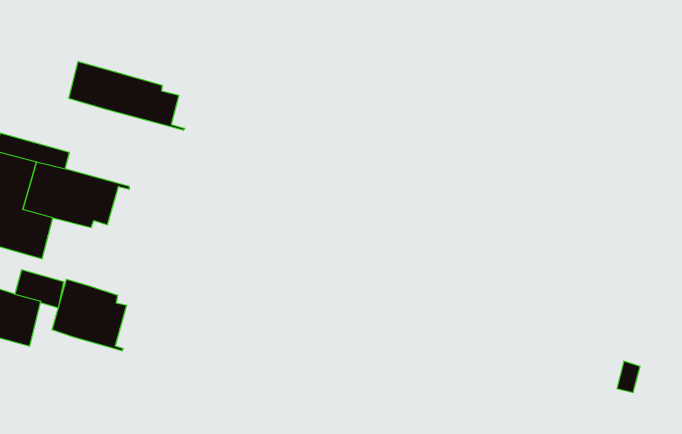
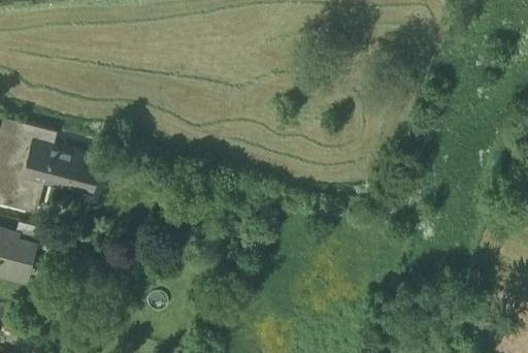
building: [69,62,185,130] -> none
building: [52,279,127,351] -> none

